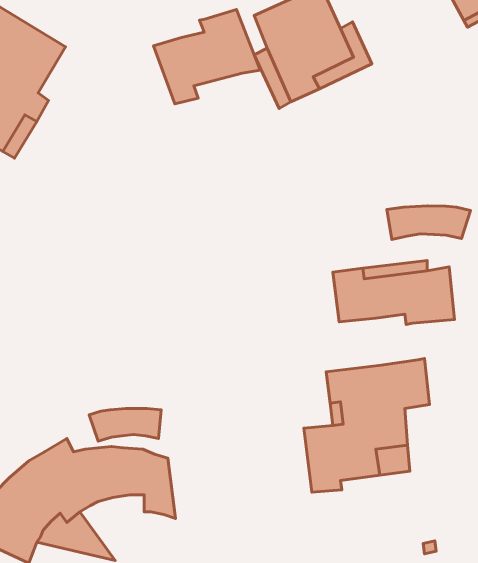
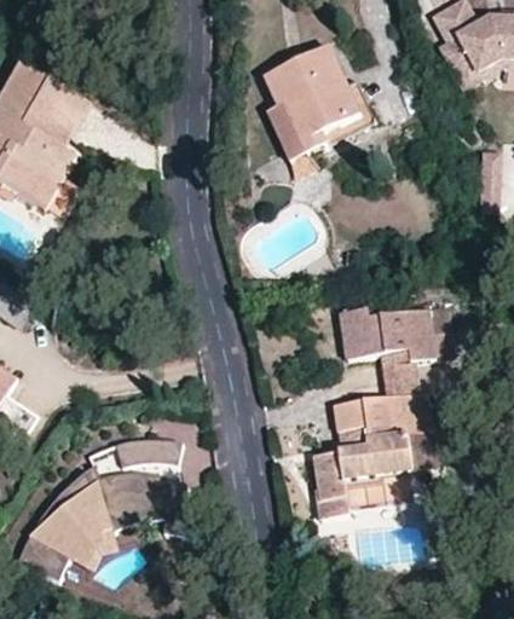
building: [154,9,260,104] -> none
building: [387,206,470,240] -> none
building: none -> [377,349,416,397]

